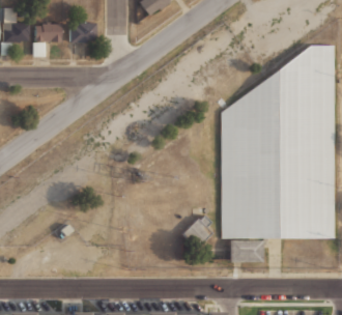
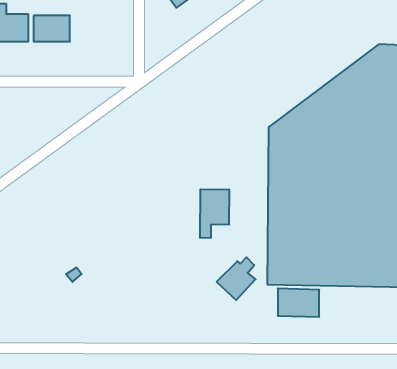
building: [70,22,97,42] -> none
building: none -> [200,189,229,238]

